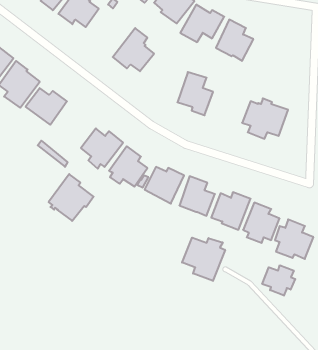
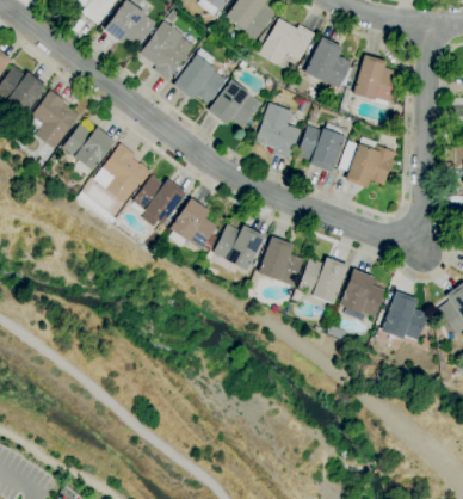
building: none -> [140,21,192,80]
building: none -> [352,55,400,106]
building: none -> [208,79,261,128]
building: none -> [296,123,345,173]
building: [49,174,94,221] -> [94,143,152,203]
building: [182,238,225,281] -> none
building: [262,265,295,296] -> none

